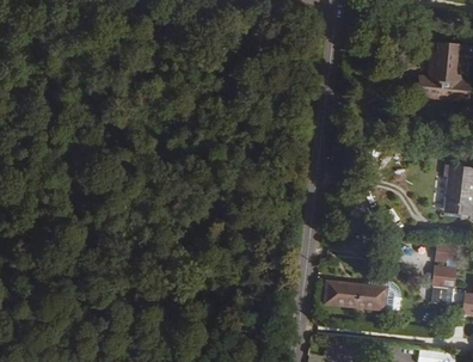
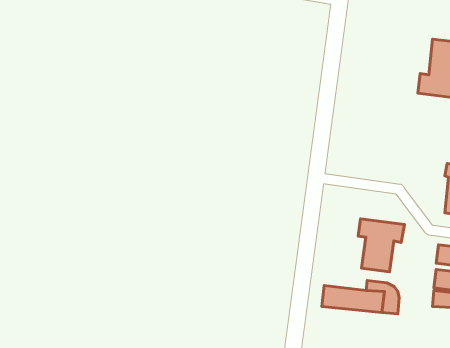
building: none -> [358,219,405,272]

